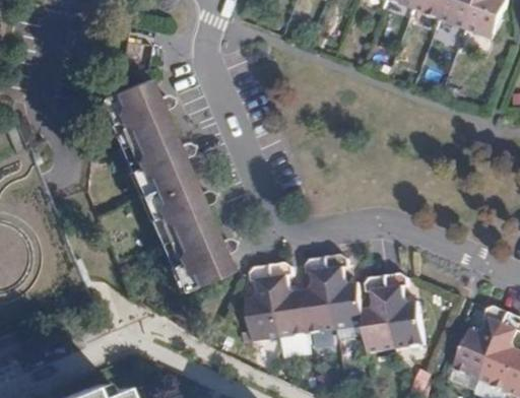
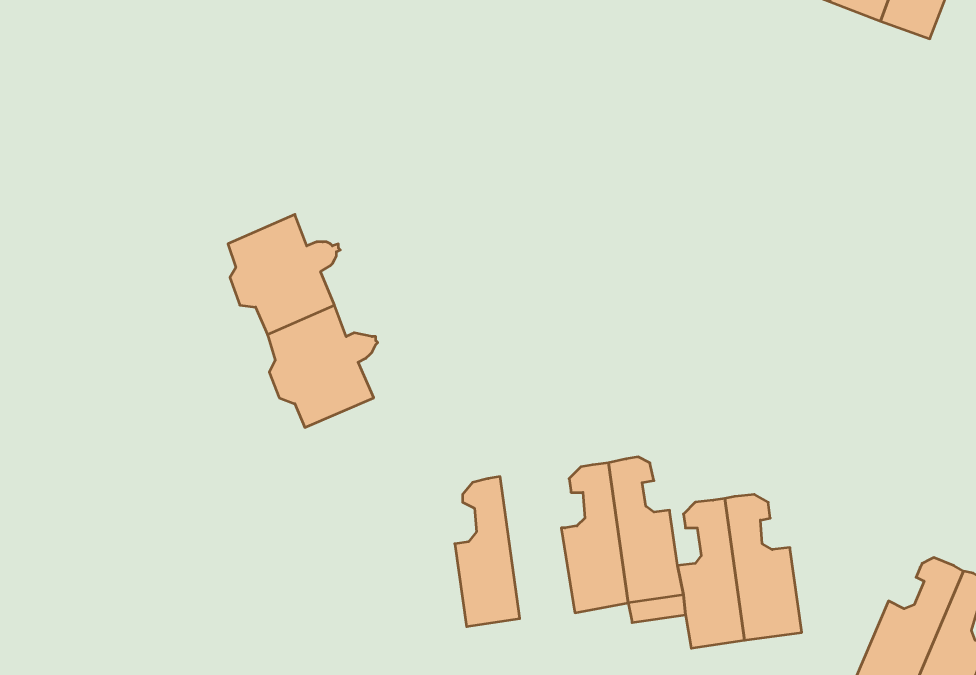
building: [110,80,170,145] -> none
building: [172,224,230,287] -> none
building: [272,263,311,338] -> none

